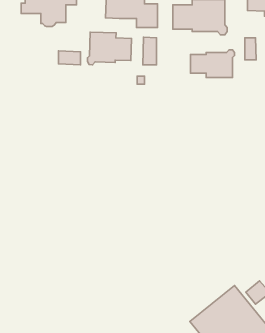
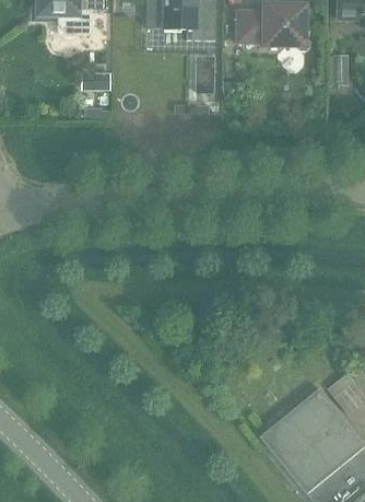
building: [87,32,132,65] -> none
building: [190,50,234,78] -> none

